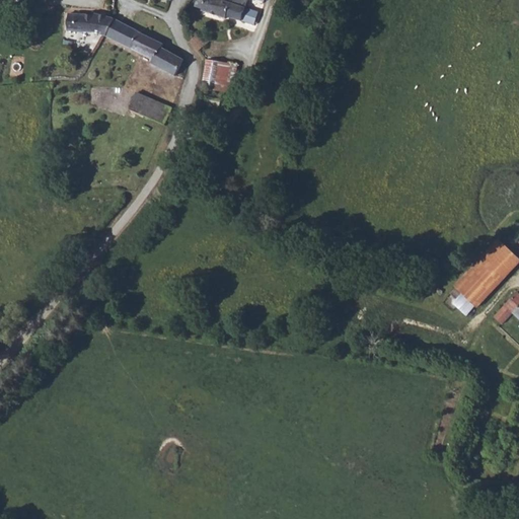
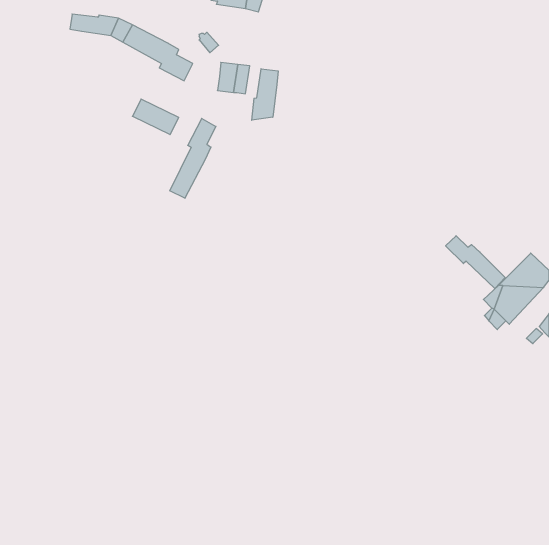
building: none -> [252,69,278,120]
building: none -> [170,118,216,198]
building: none -> [446,236,505,289]

